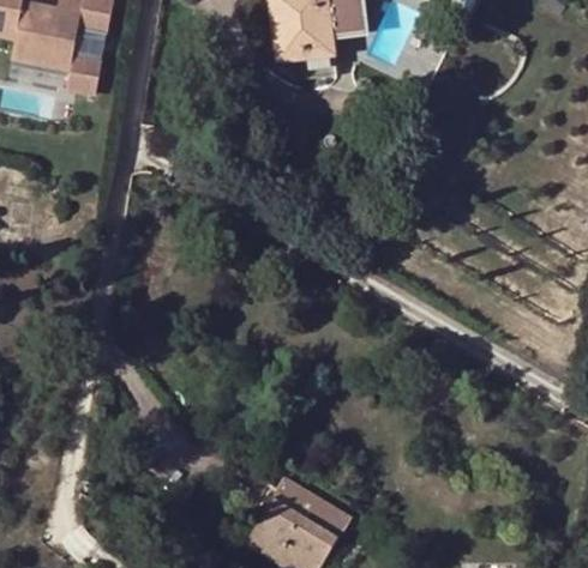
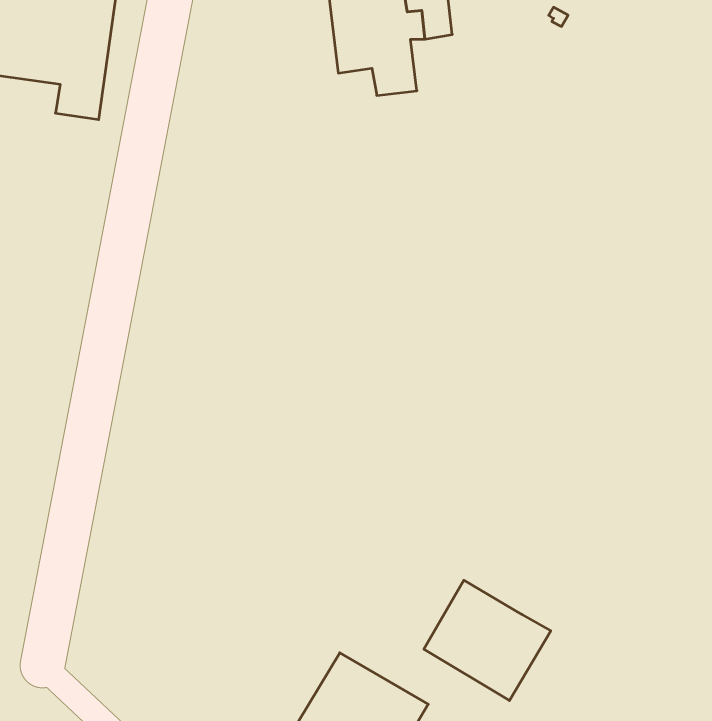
building: none -> [424,580,551,701]

